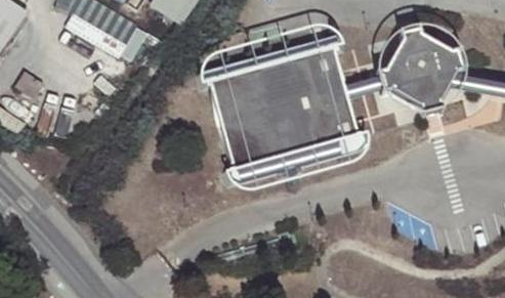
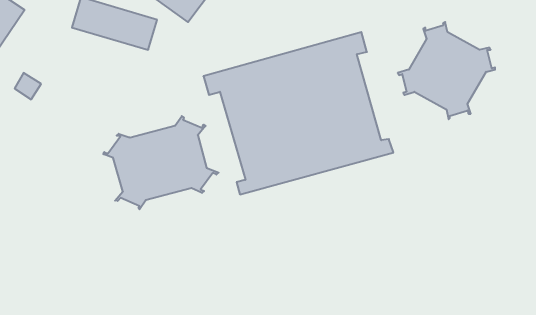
building: none -> [103,116,219,209]

